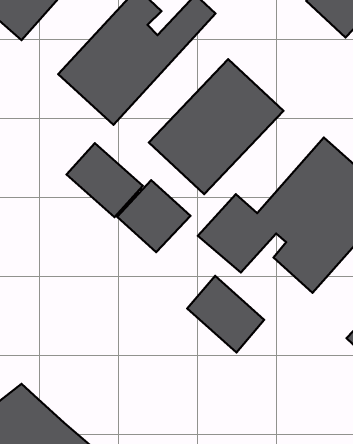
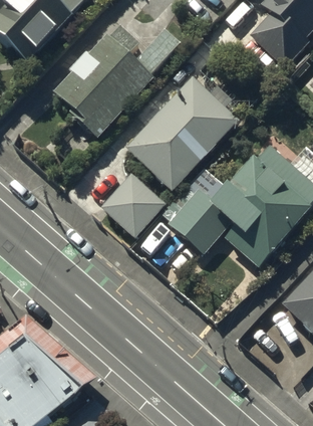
building: [67,143,143,217] -> none
building: [187,276,264,353] -> none

